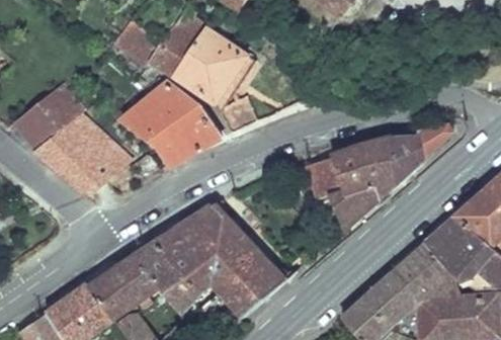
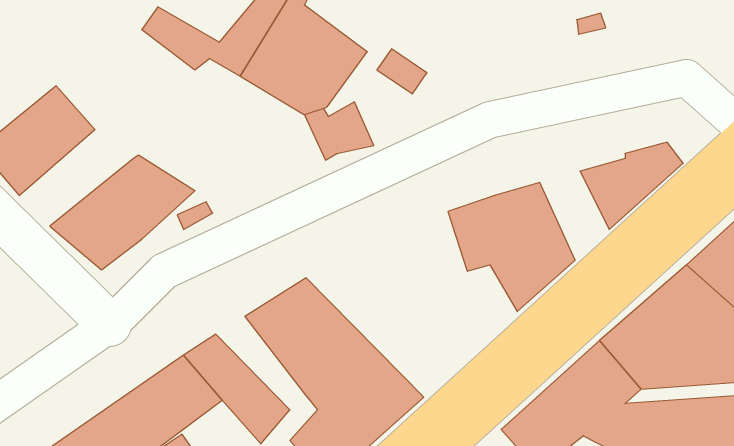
building: [120,89,222,166] -> none
building: [33,110,107,174] -> none
building: [362,140,406,195] -> none
building: [159,231,215,289] -> none

